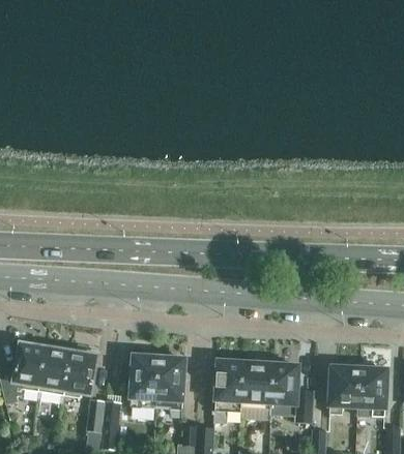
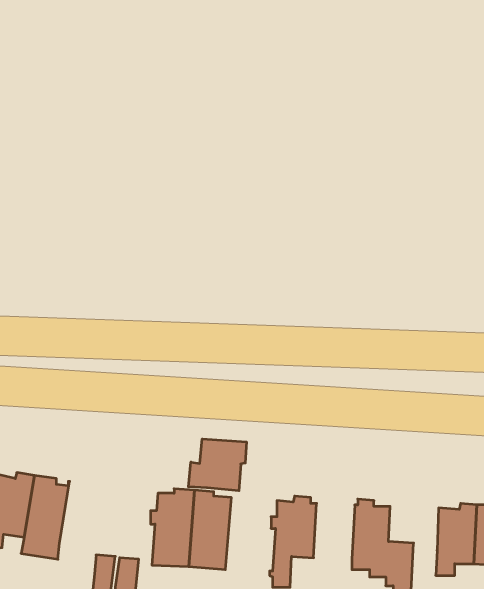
building: none -> [188,439,246,491]
building: [64,347,97,395] -> none
building: [243,360,272,402] -> none

